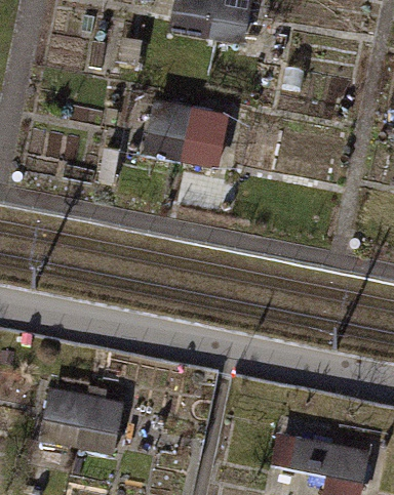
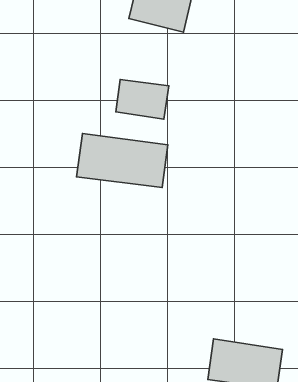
building: none -> [77,134,168,188]
building: [38,384,123,451] -> none

